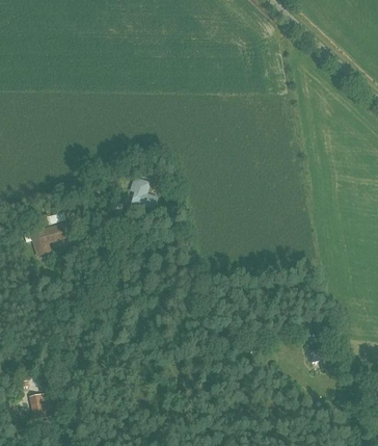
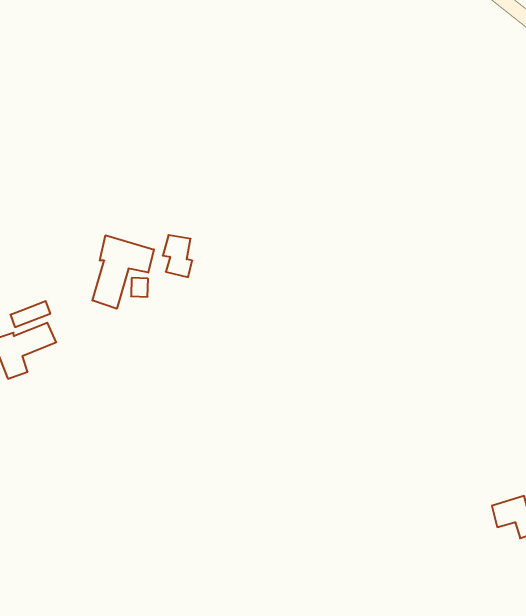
building: none -> [92,235,154,309]

